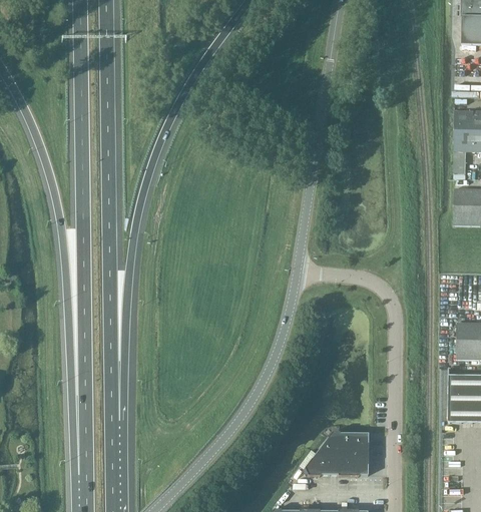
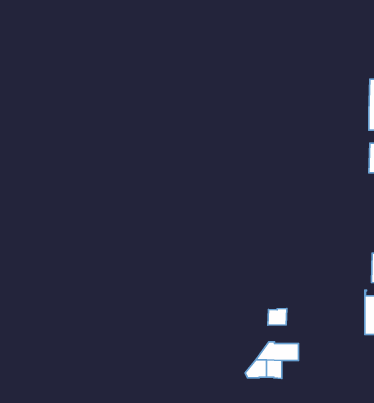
building: none -> [268,309,287,325]
building: [349,453,369,475] -> none

